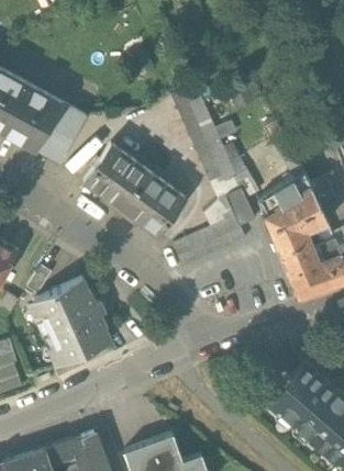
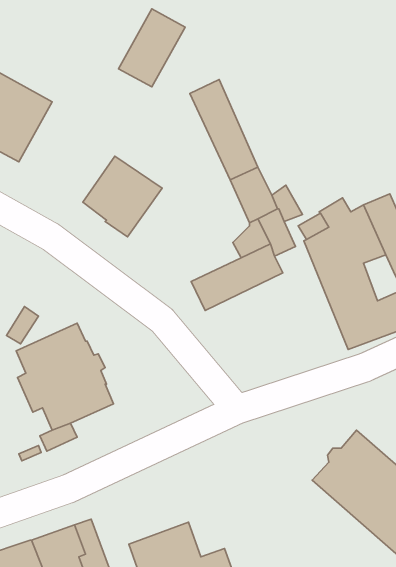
building: [35,102,88,164] -> [118,9,185,87]
building: [121,170,185,233] -> none

